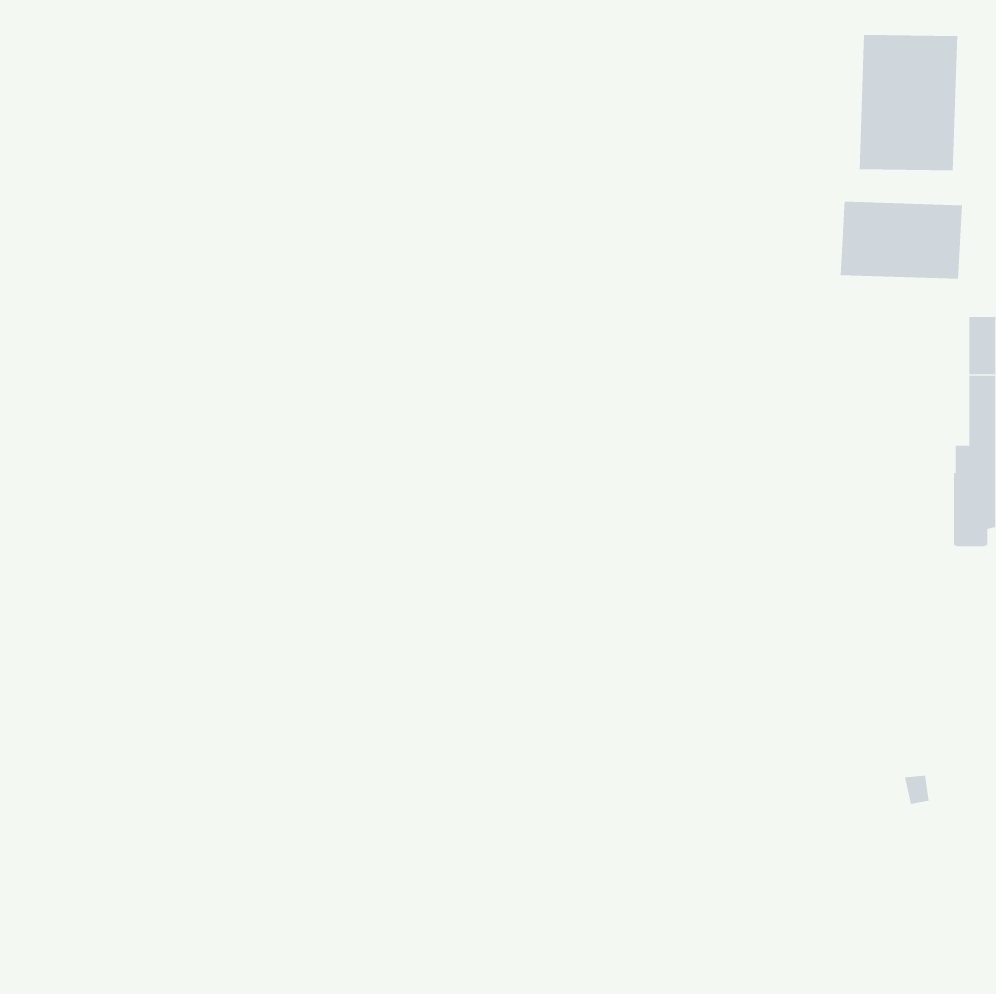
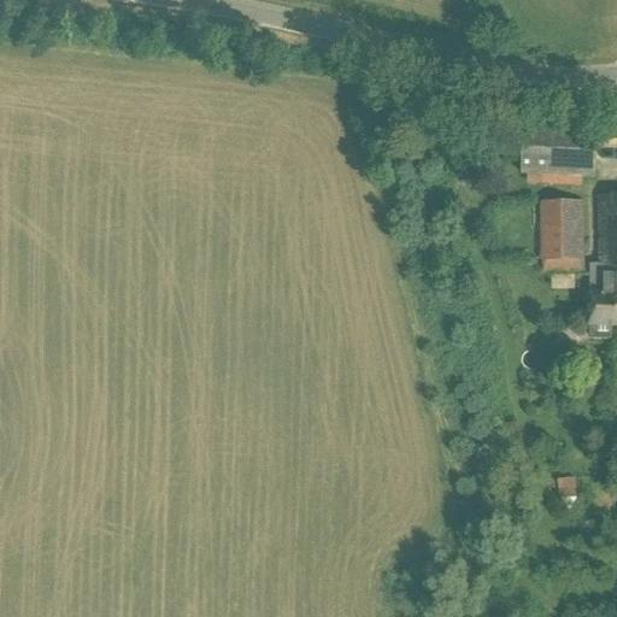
building: [859,34,958,171] -> none
building: none -> [542,201,583,271]

